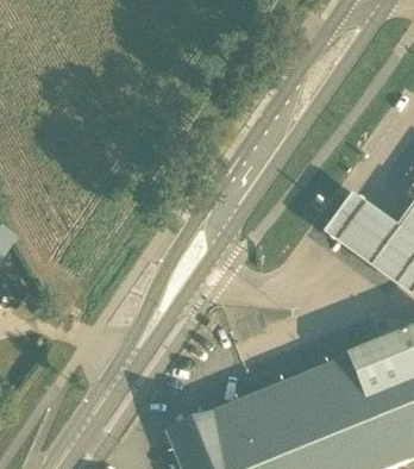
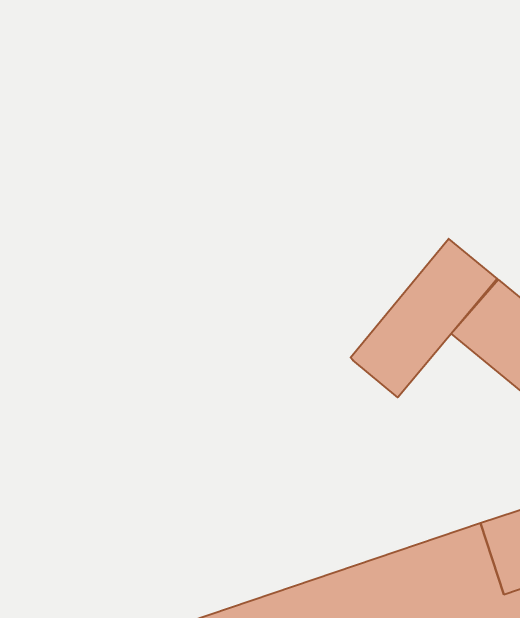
building: none -> [351,239,497,397]

